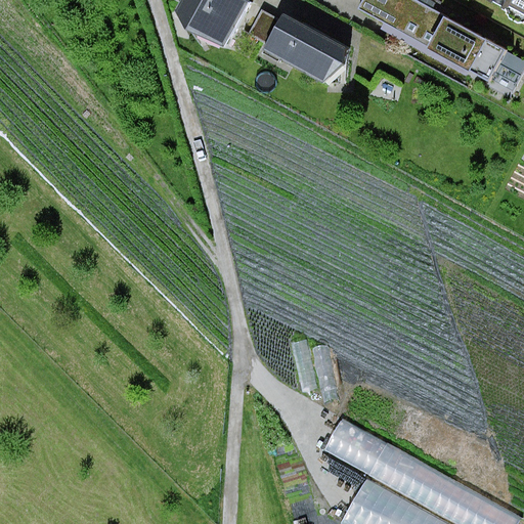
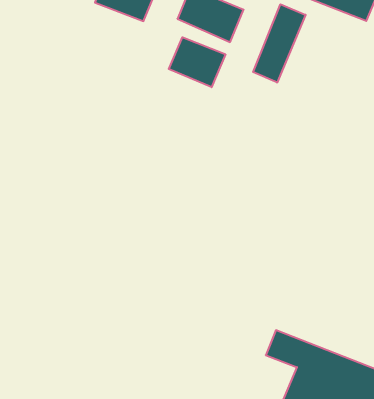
building: none -> [253,4,306,83]
building: none -> [169,37,225,87]

